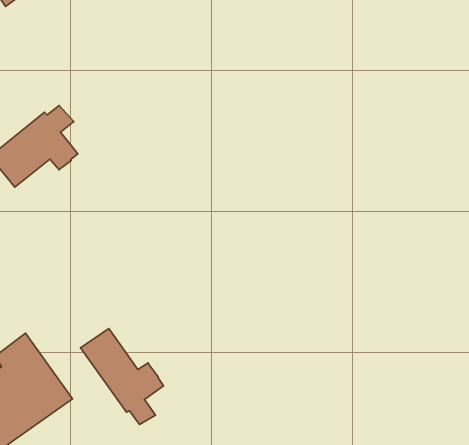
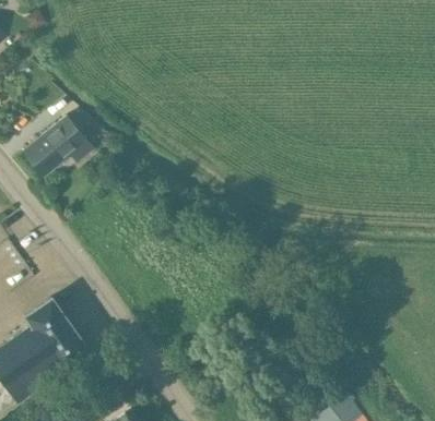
building: [81,329,164,425] -> none

